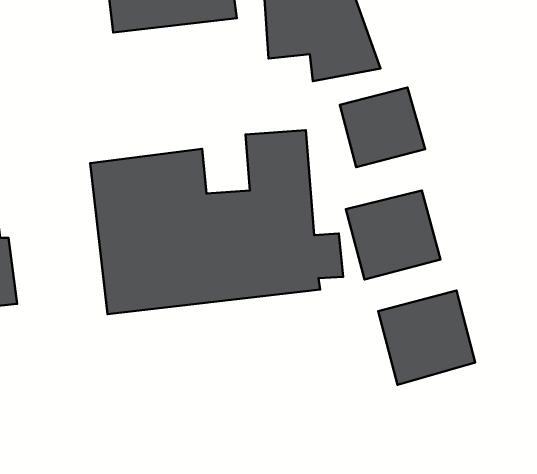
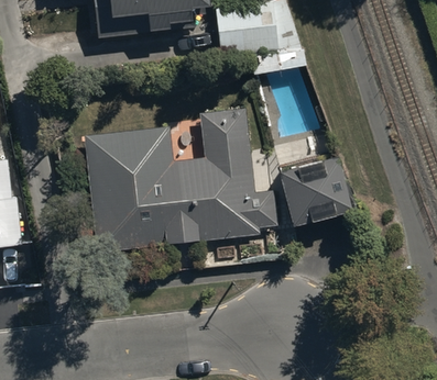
building: [340,87,425,167] -> none
building: [378,291,475,385] -> none

